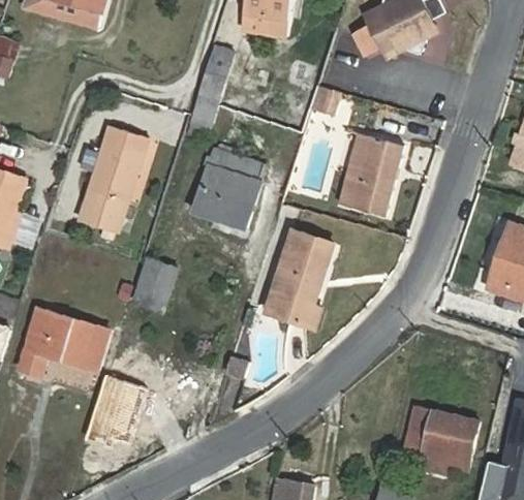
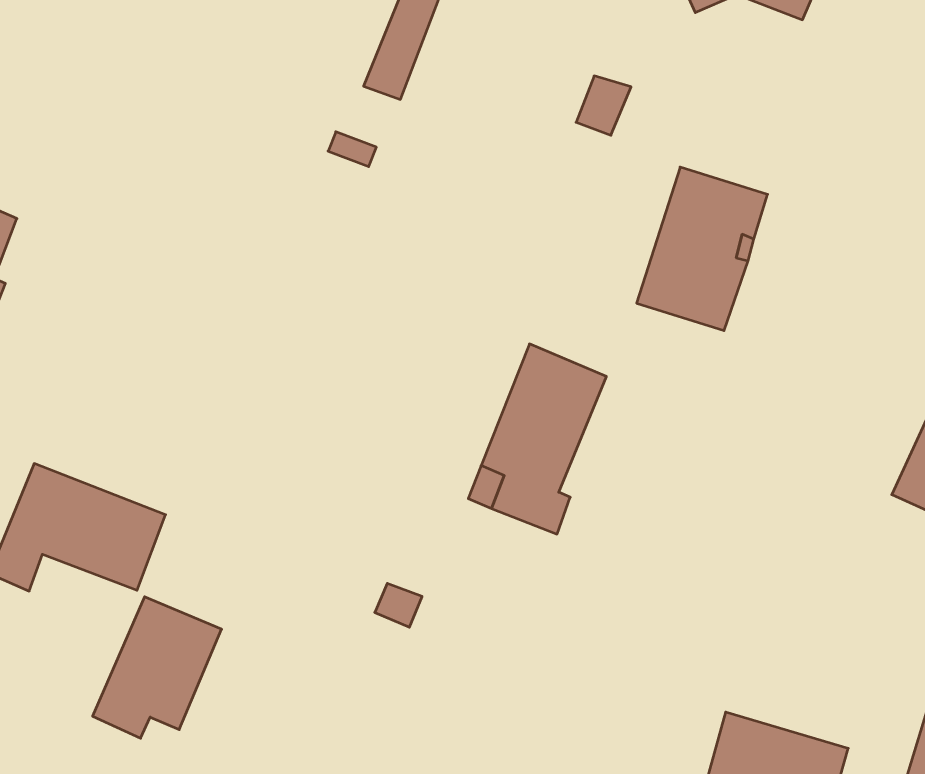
building: [78,123,144,228] -> none
building: [190,147,260,228] -> none
building: [132,259,176,312] -> none

